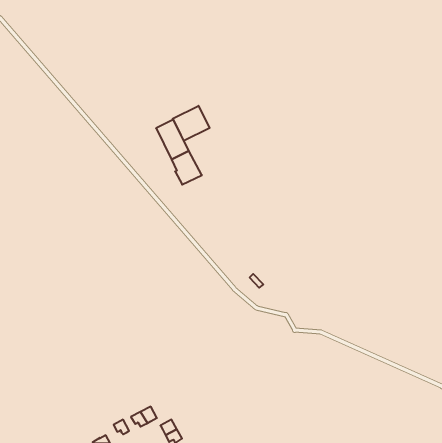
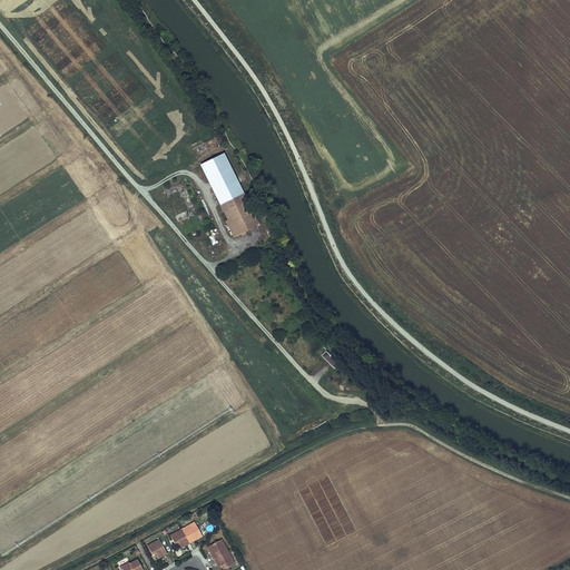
building: [173,106,210,141] -> none

